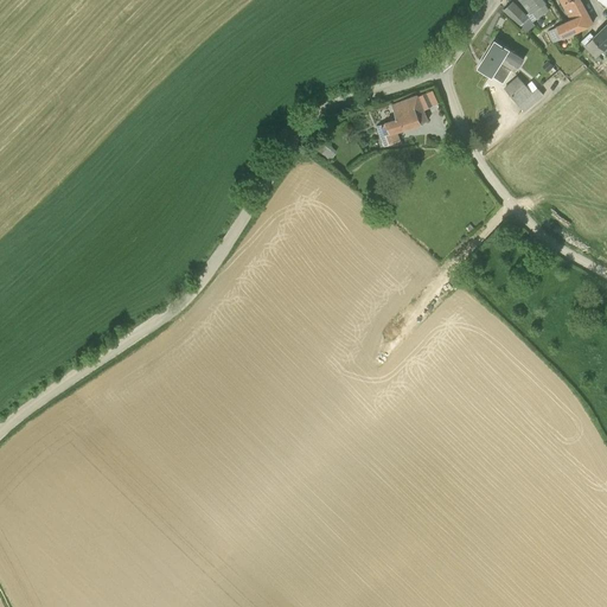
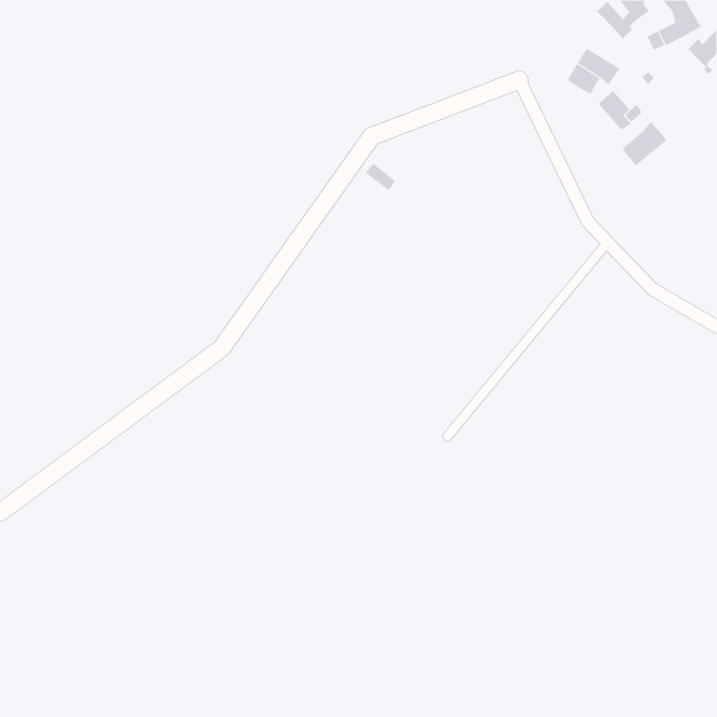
building: [376,95,428,147] -> none
building: none -> [621,121,667,166]

